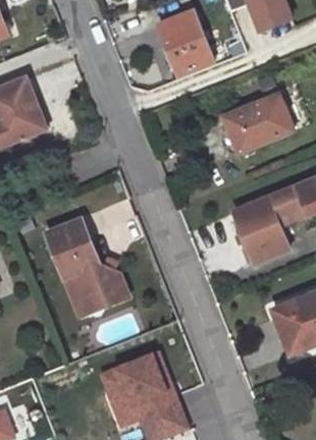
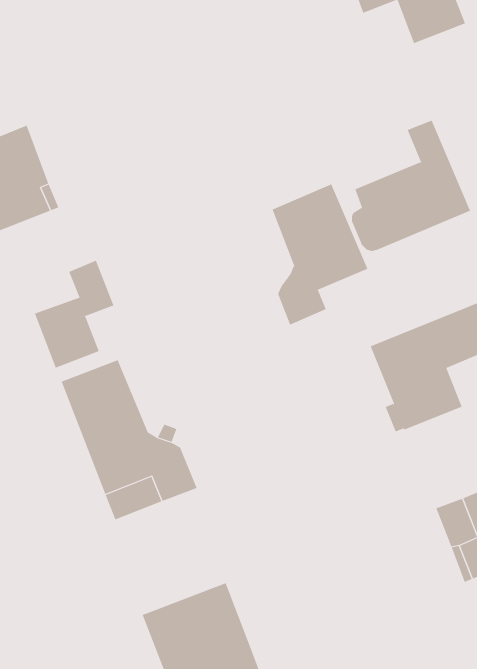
building: [158,11,214,76] -> none
building: none -> [272,183,368,325]
building: none -> [34,260,114,369]

